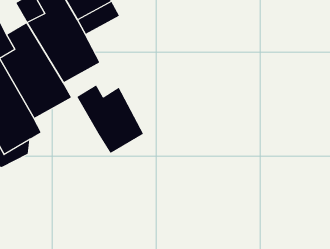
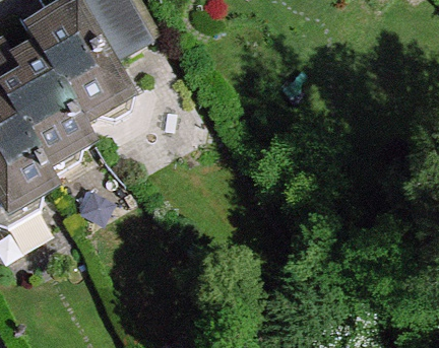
building: [77,85,144,154] -> none

